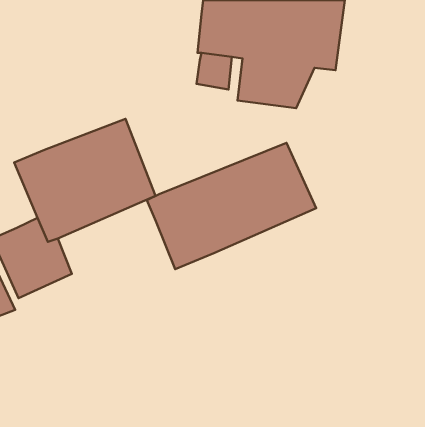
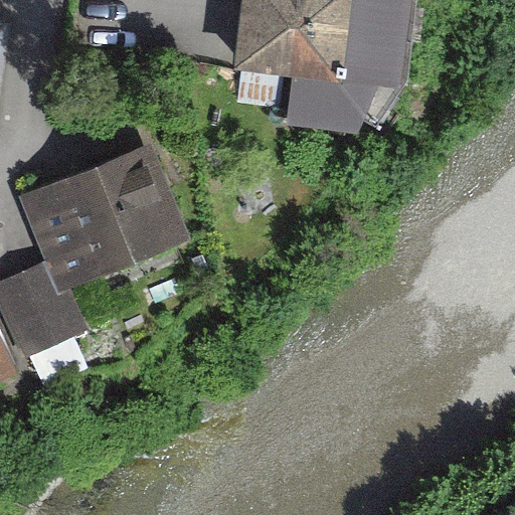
building: [147,143,316,269] -> none

